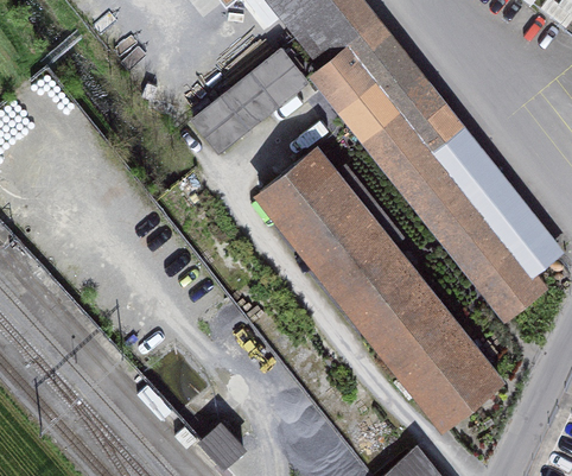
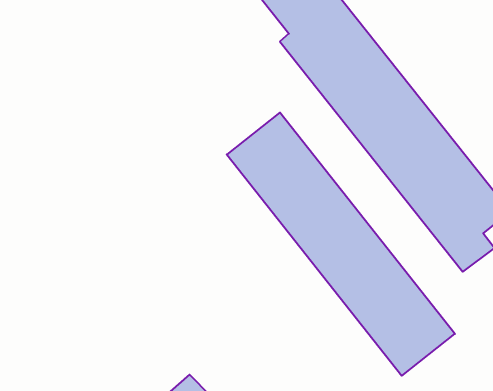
building: [195,49,307,150] -> none

